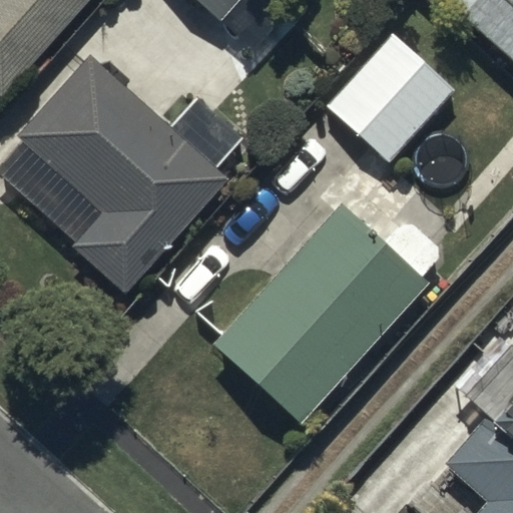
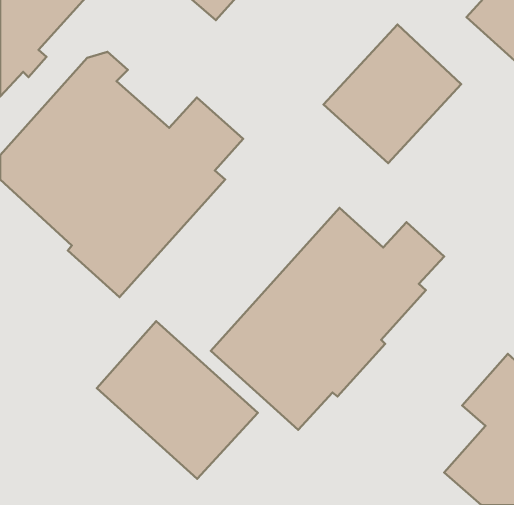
building: none -> [97,321,258,479]

